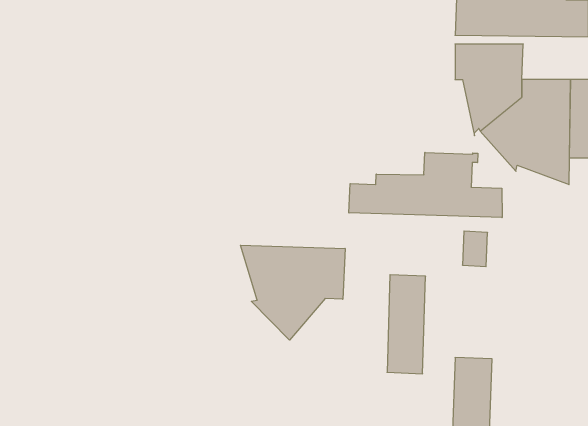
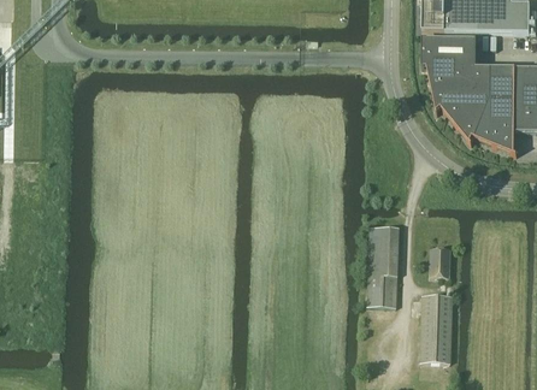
building: [349,152,502,218] -> none
building: [462,231,488,267] -> [430,248,450,277]
building: [240,245,345,340] -> none

